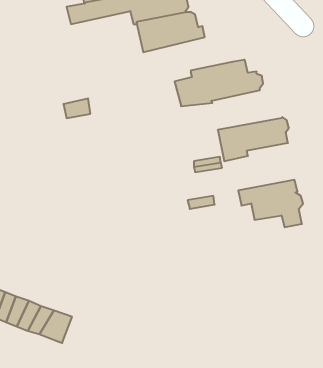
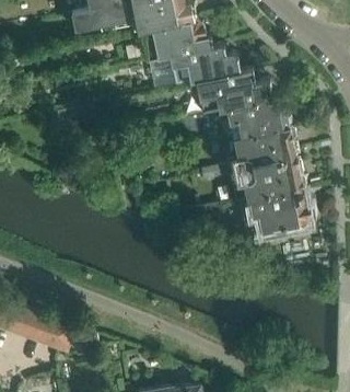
building: none -> [149,44,240,89]
building: none -> [218,97,291,139]
building: none -> [231,152,305,201]

